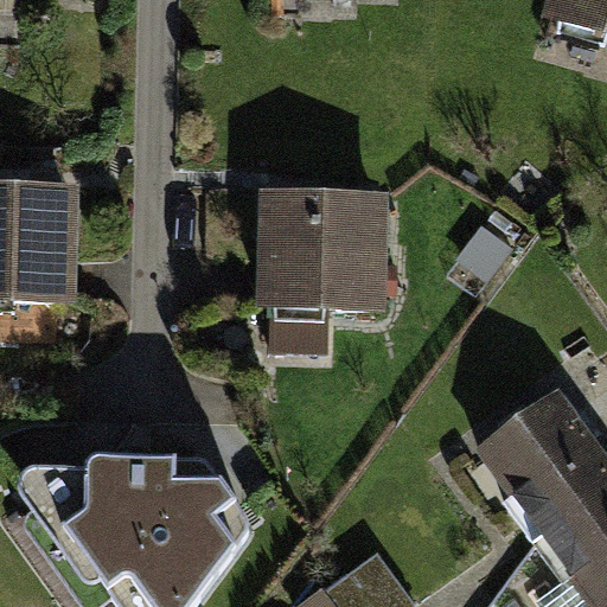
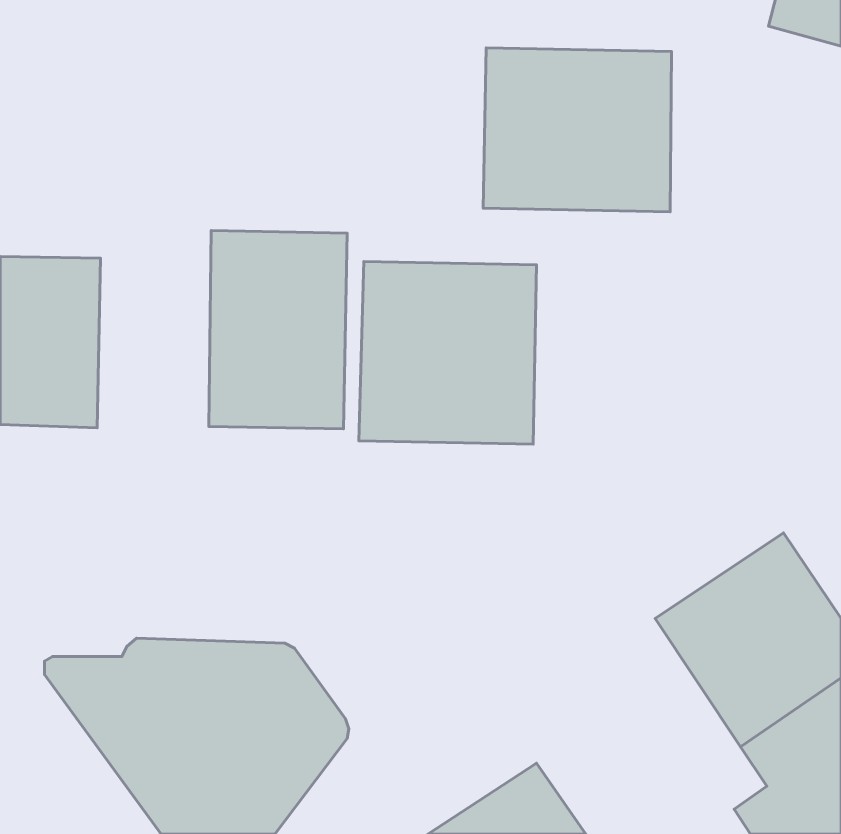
building: none -> [483,48,672,212]
building: none -> [209,231,347,429]

